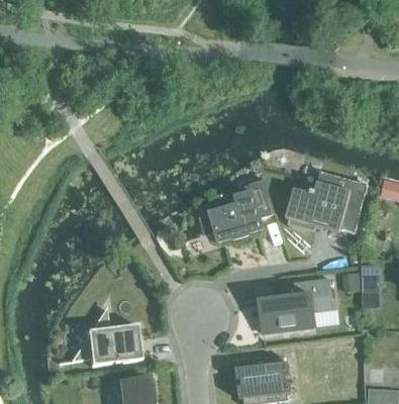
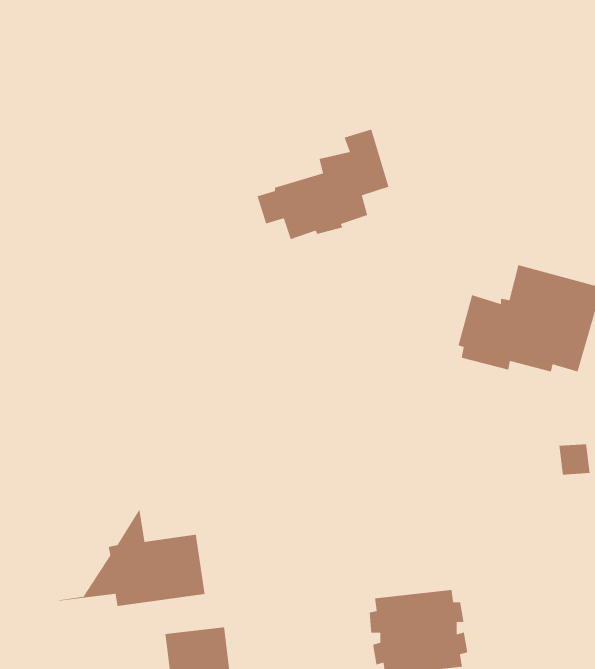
building: [199,178,275,241] -> [257,128,390,240]
building: [259,277,333,331] -> none

